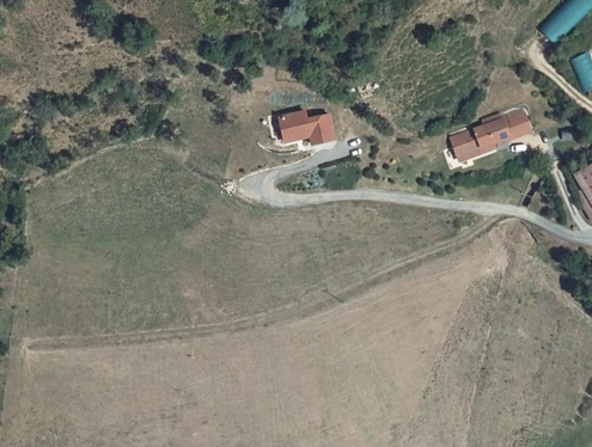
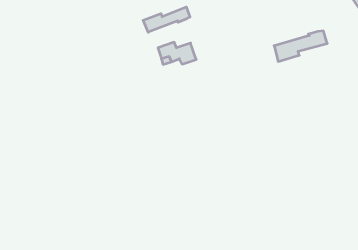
building: none -> [143,7,190,32]

